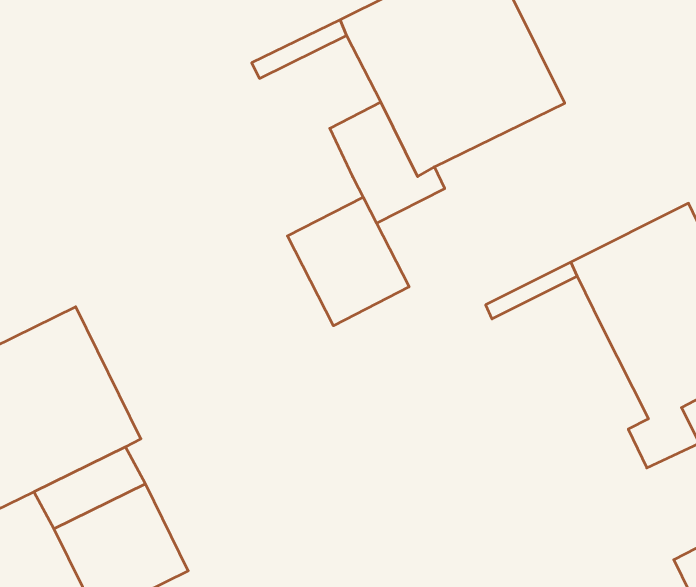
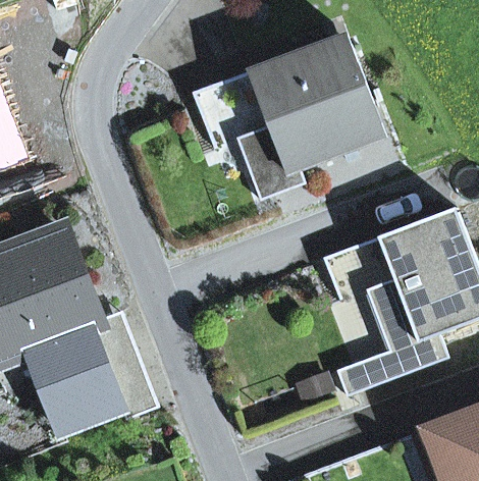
building: [287,197,409,326] -> none
building: none -> [336,278,418,395]

